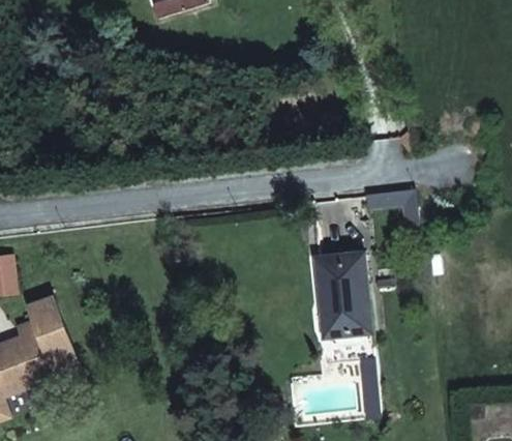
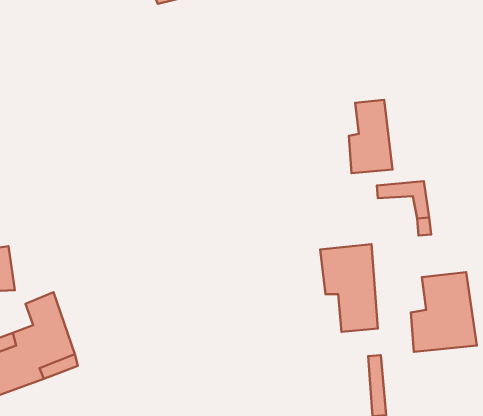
building: none -> [349,100,392,173]
building: none -> [411,272,477,352]

